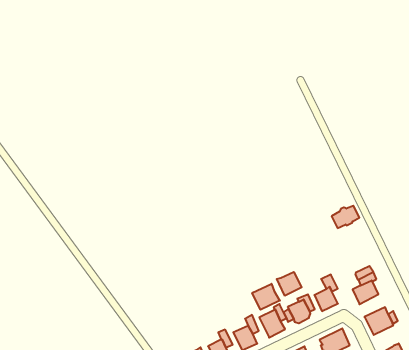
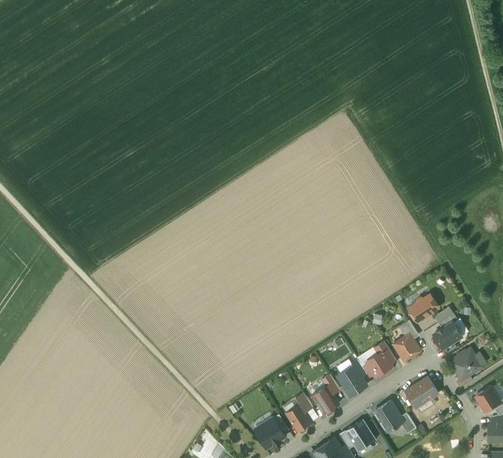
building: [332,206,359,228] -> [409,295,439,321]
building: [277,272,302,296] -> none
building: [252,284,280,310] -> none

